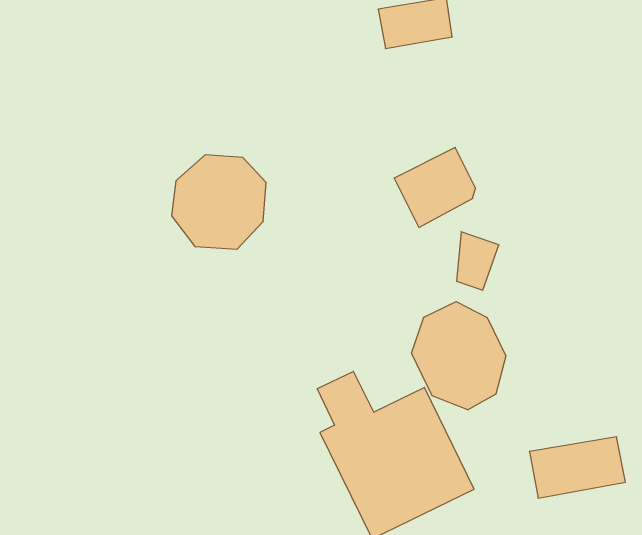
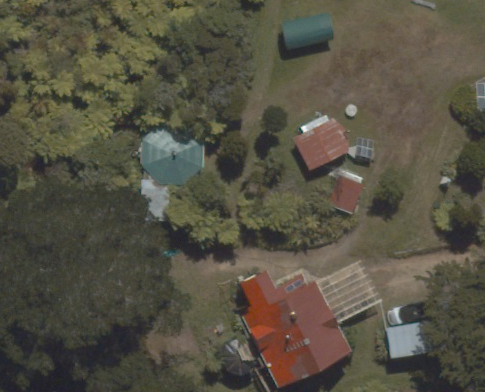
building: [412,302,506,410] -> none

